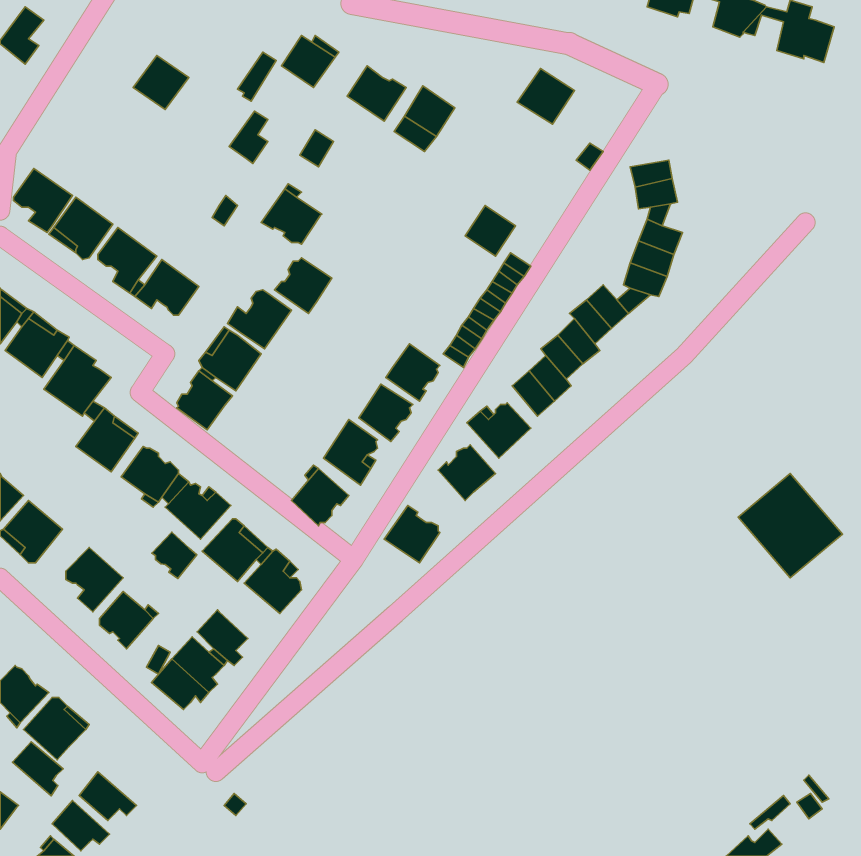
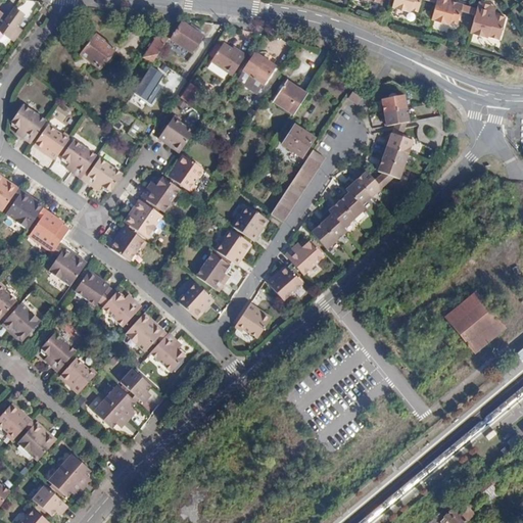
building: [517,69,574,124] -> [273,80,307,113]
building: [152,532,197,579] -> none
building: [12,742,63,796] -> [59,456,90,488]

